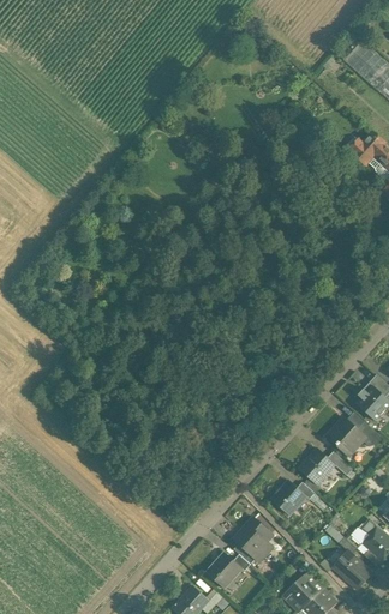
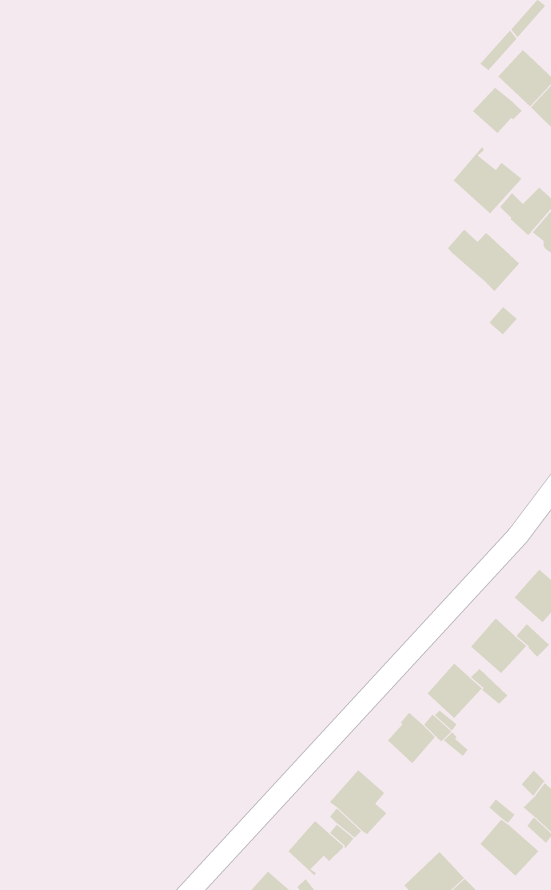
building: none -> [472,87,522,134]
building: none -> [453,146,521,214]
building: none -> [447,229,520,292]

